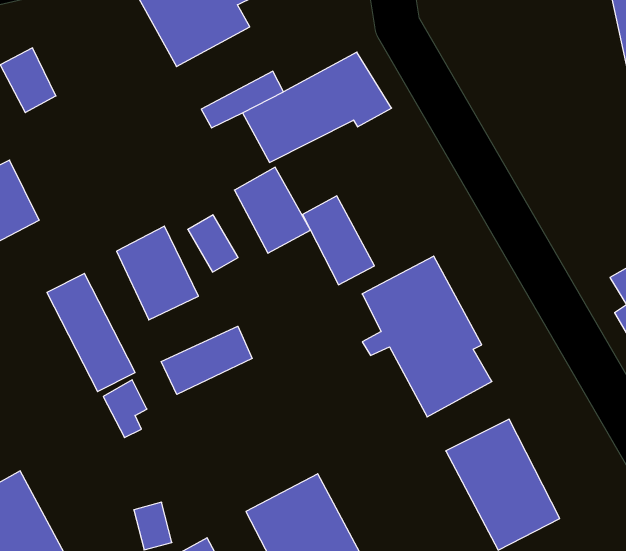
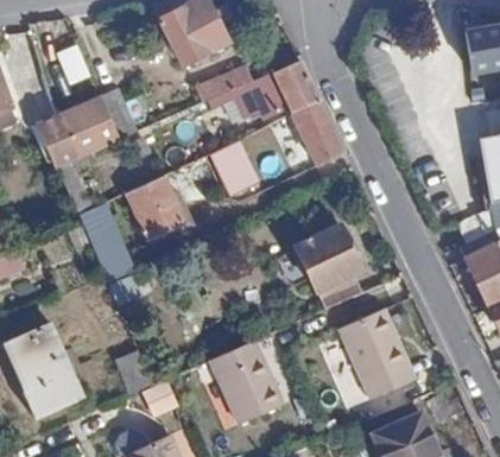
building: none -> [62,91,137,157]
building: [303,196,374,285] -> [296,101,341,160]
building: [161,326,252,394] -> none

